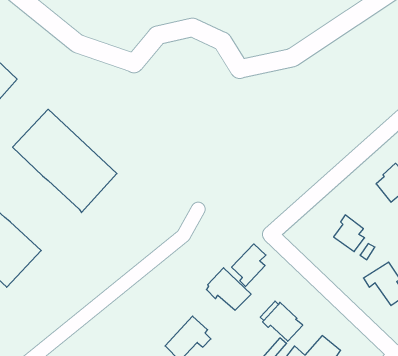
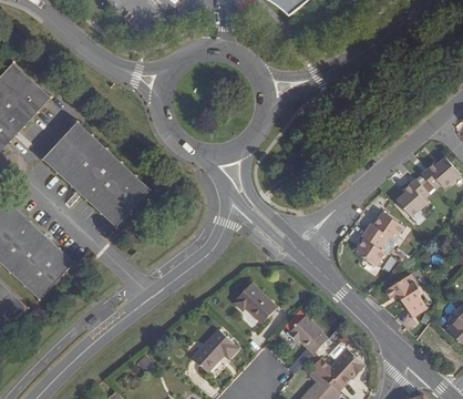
building: none -> [367,212,403,243]
building: [232,244,266,287] -> none

